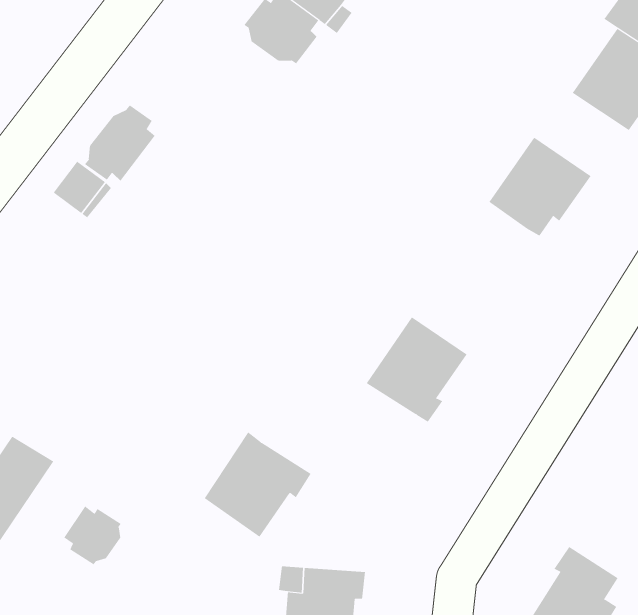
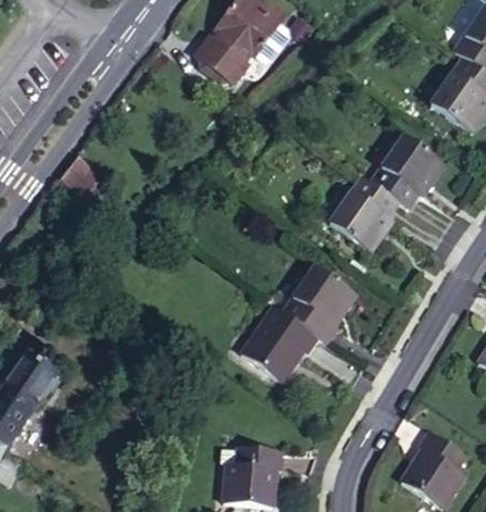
building: [84,105,156,182] -> none
building: none -> [329,177,398,251]
building: [204,432,311,537] -> [241,305,319,382]
building: [64,506,122,565] -> none

